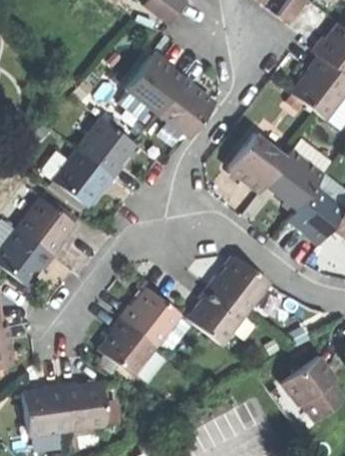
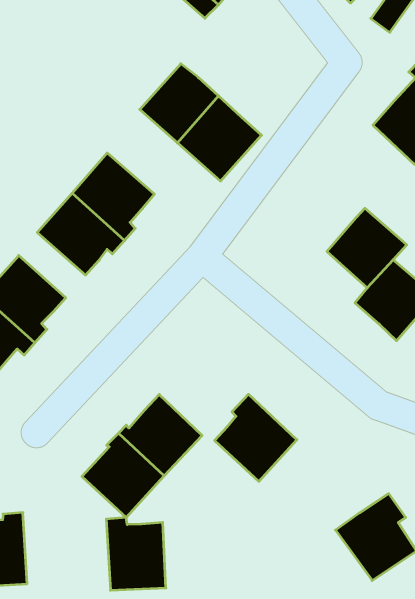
building: [228,134,282,189] -> none
building: [214,262,273,317] -> none
building: [59,378,104,430] -> [106,517,166,590]

